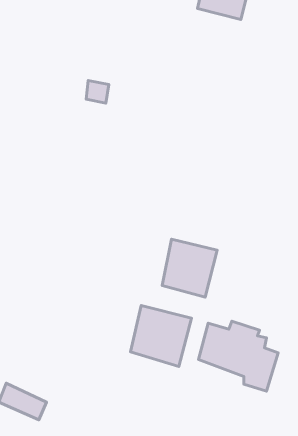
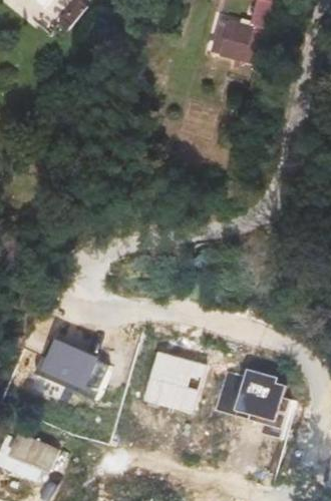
building: [162,239,217,297] -> none
building: none -> [34,340,109,398]

